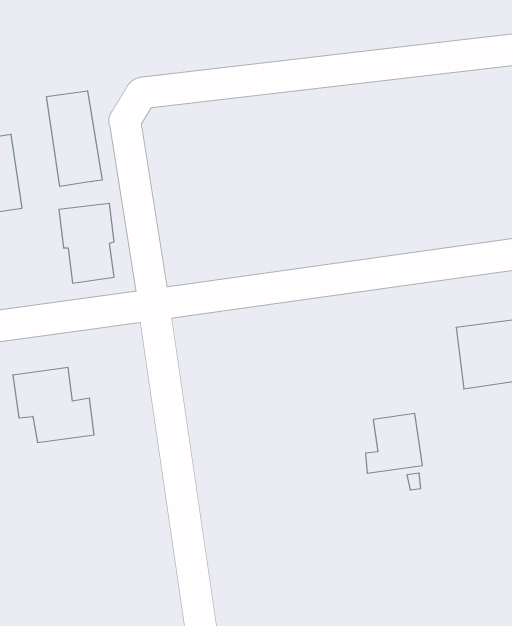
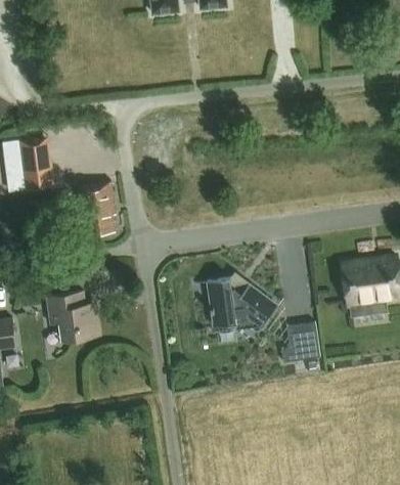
building: [47,91,102,186] -> none
building: none -> [206,276,277,327]

